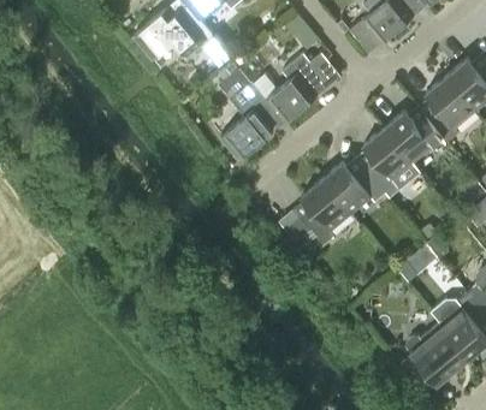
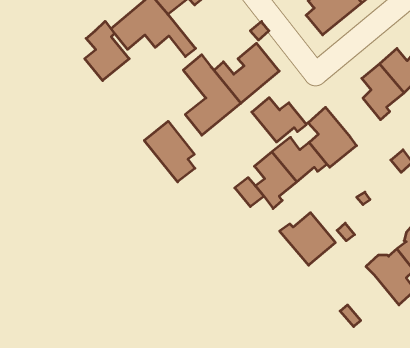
building: none -> [85,21,129,81]
building: [385,111,449,162] -> [252,98,306,142]
building: none -> [144,121,195,182]
building: [405,322,470,384] -> [280,213,335,265]

